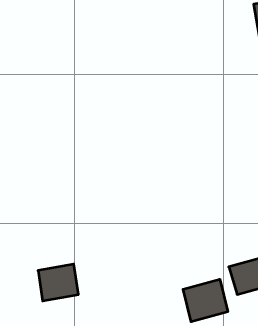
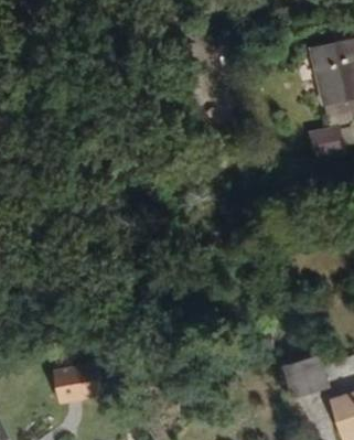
building: [183,279,228,322] -> none

